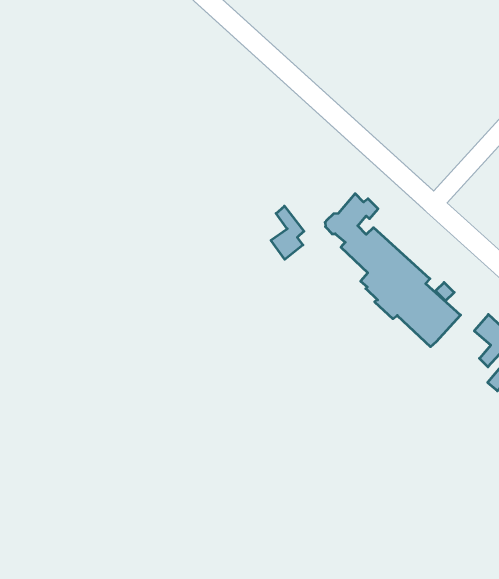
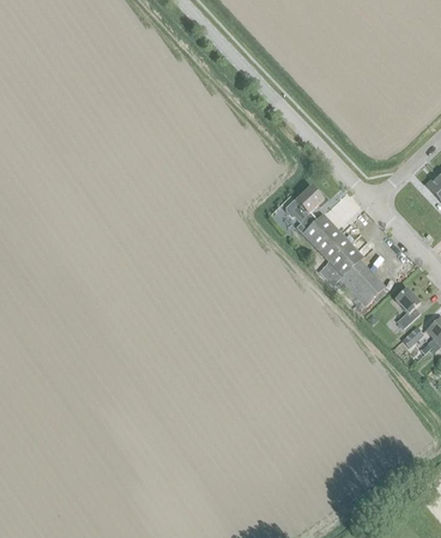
building: [271,206,304,259] -> none

